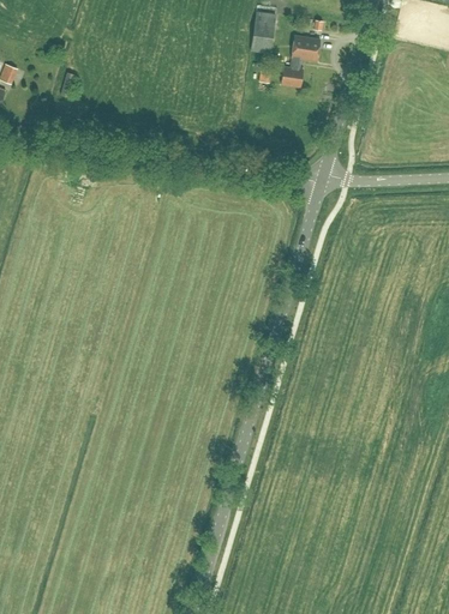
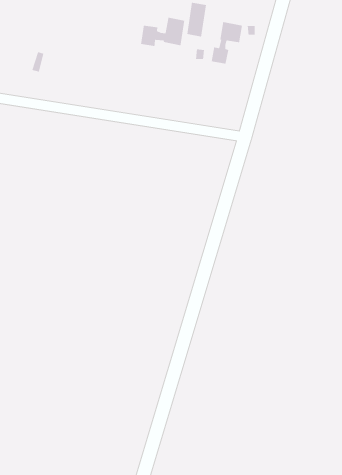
building: none -> [140,17,185,47]

